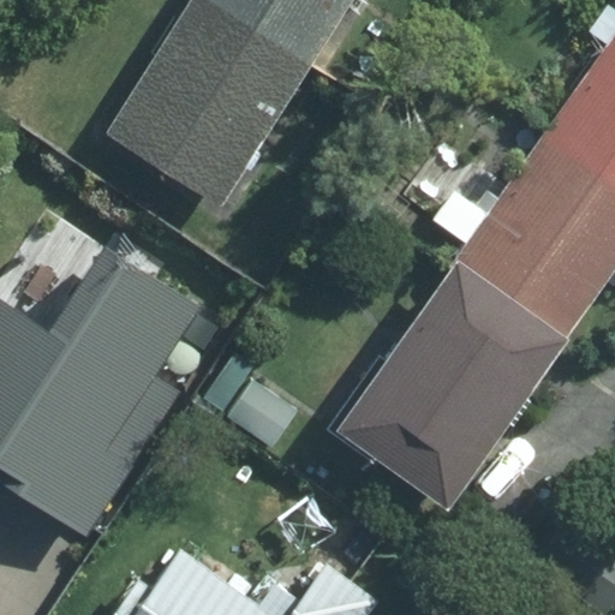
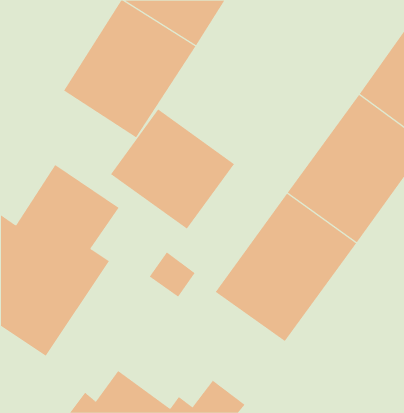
building: none -> [110,108,235,229]

